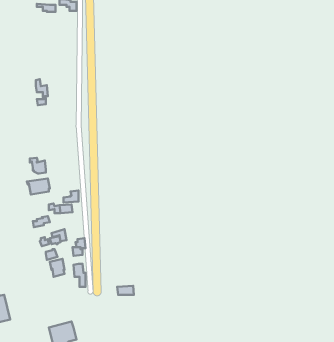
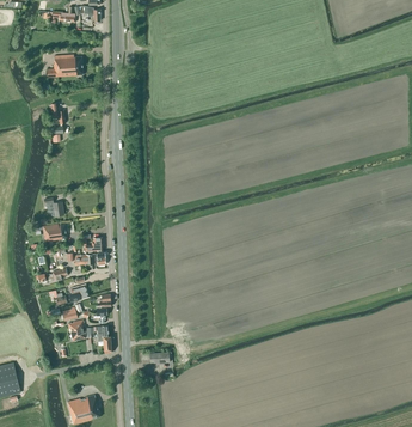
building: none -> [45,54,81,78]

